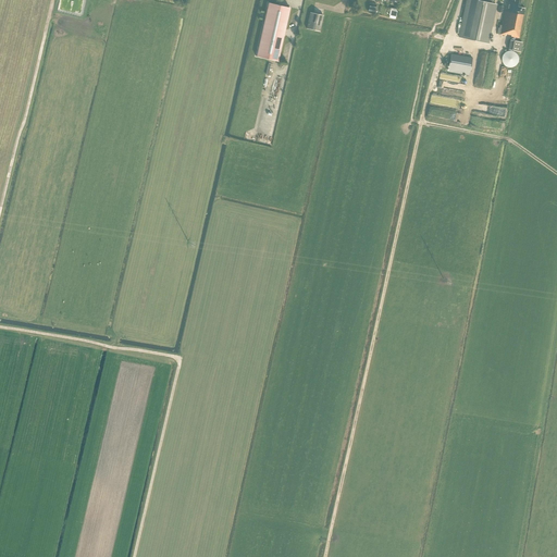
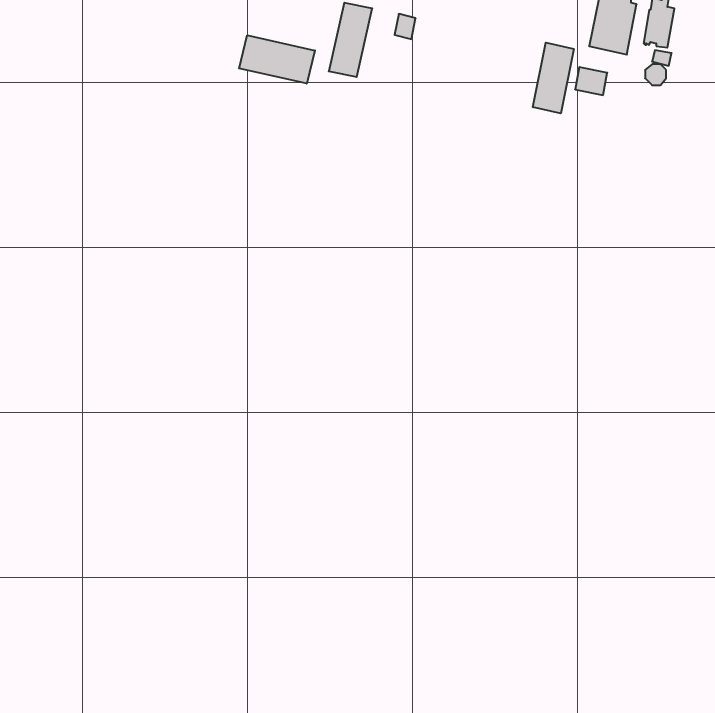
building: none -> [239,35,315,84]
building: none -> [533,43,574,113]

